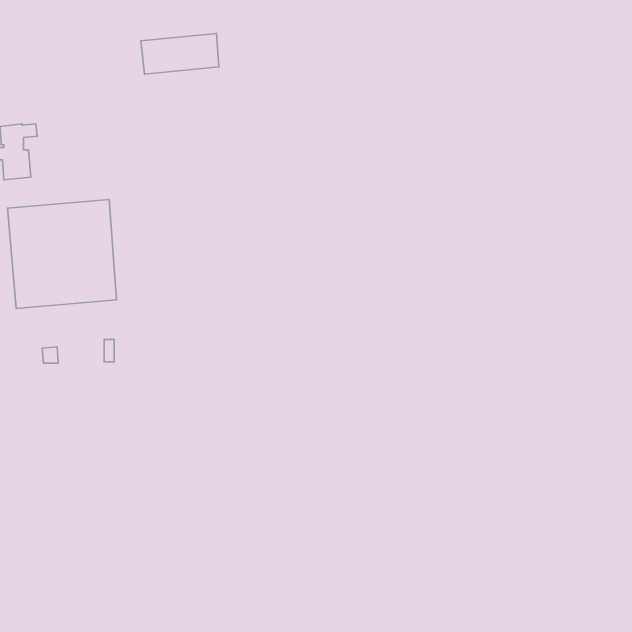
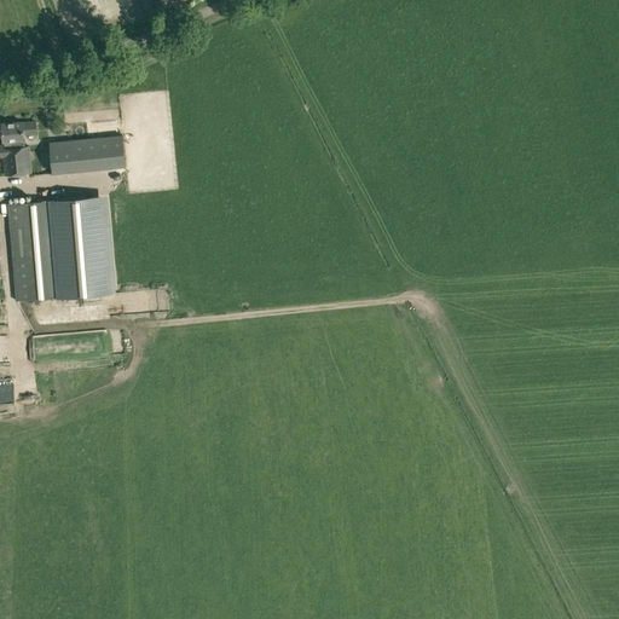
building: [141,33,219,74] -> [48,135,125,175]

